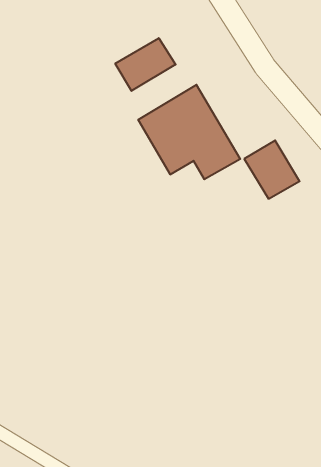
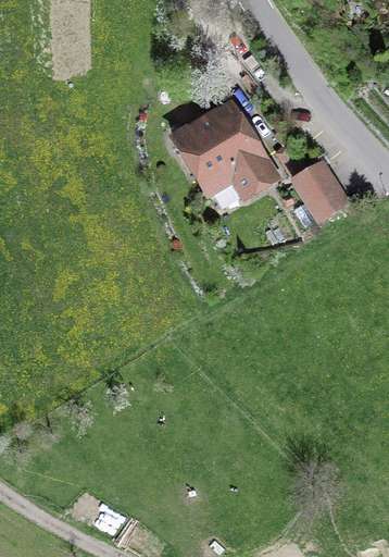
building: [115,38,176,91] -> none

